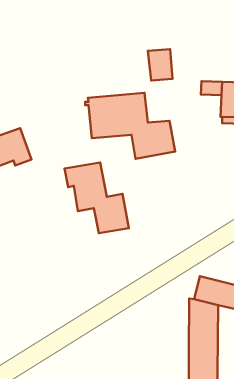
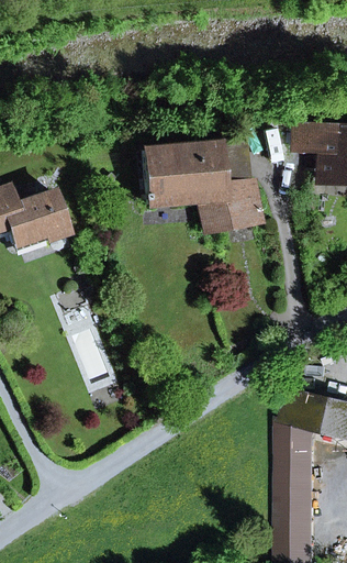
building: [148,49,173,81] -> [216,142,249,184]
building: [65,162,129,233] -> none

